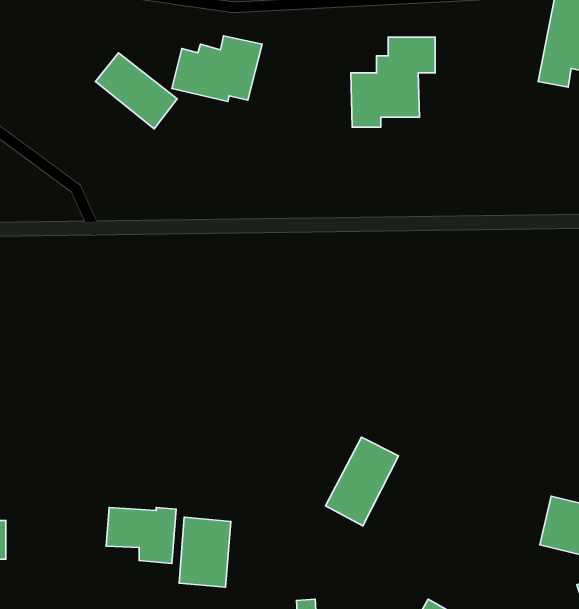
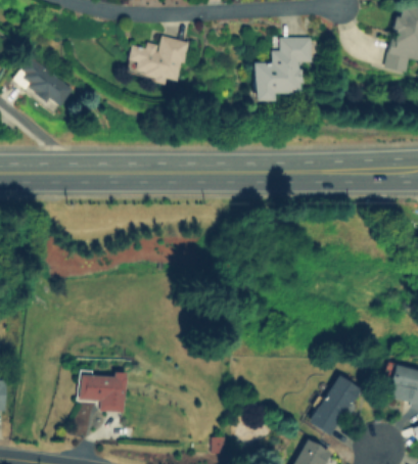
building: [96,53,177,129] -> [16,55,75,109]
building: [326,437,399,526] -> [311,373,363,436]
building: [179,517,231,587] -> none

